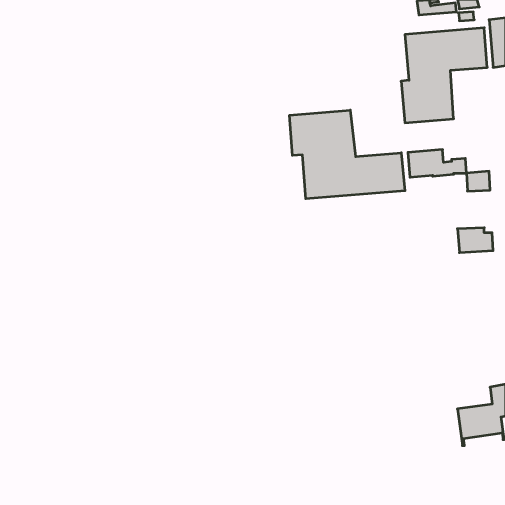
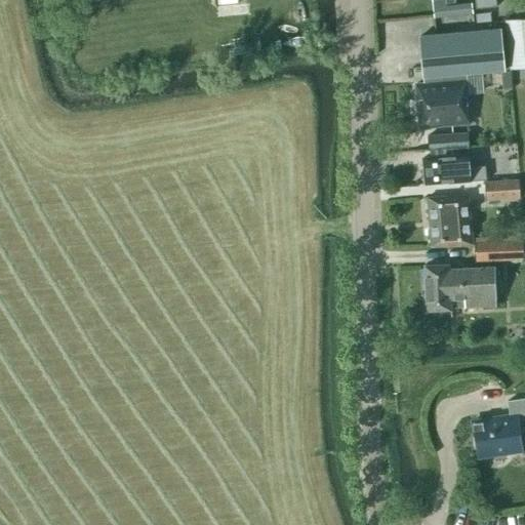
building: [290,110,405,199] -> none
building: none -> [428,132,470,151]
building: none -> [428,193,473,246]
building: none -> [426,264,496,311]

